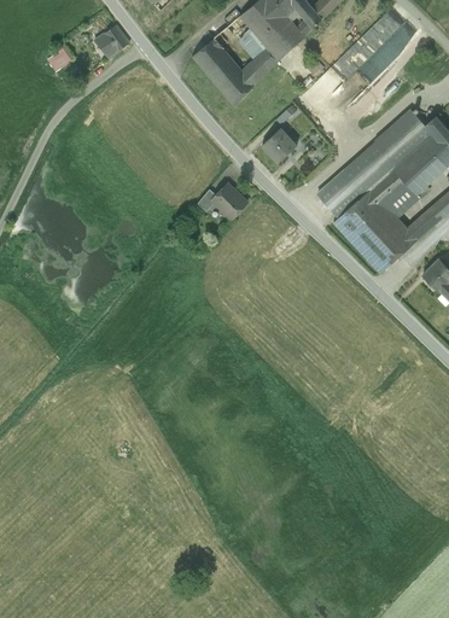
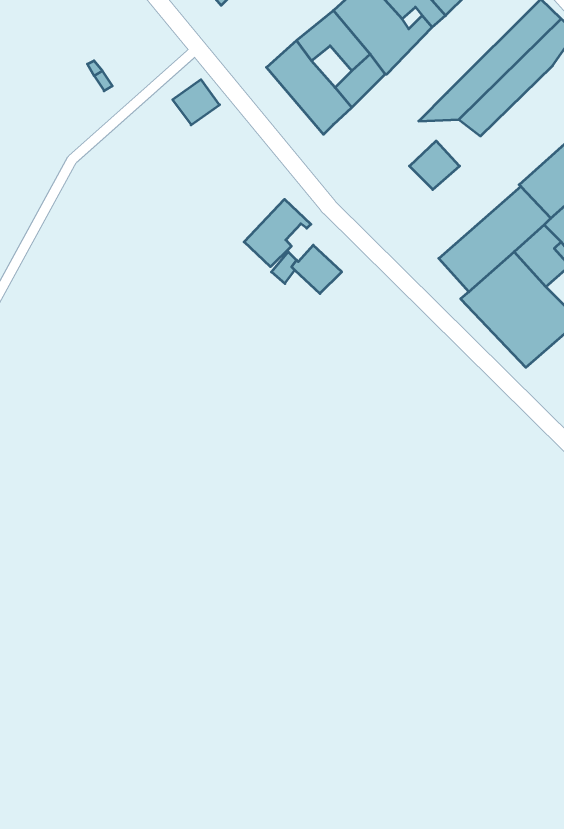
building: [95,24,129,57] -> [173,80,220,125]
building: [262,127,298,162] -> [409,141,460,190]
building: none -> [244,199,311,267]

